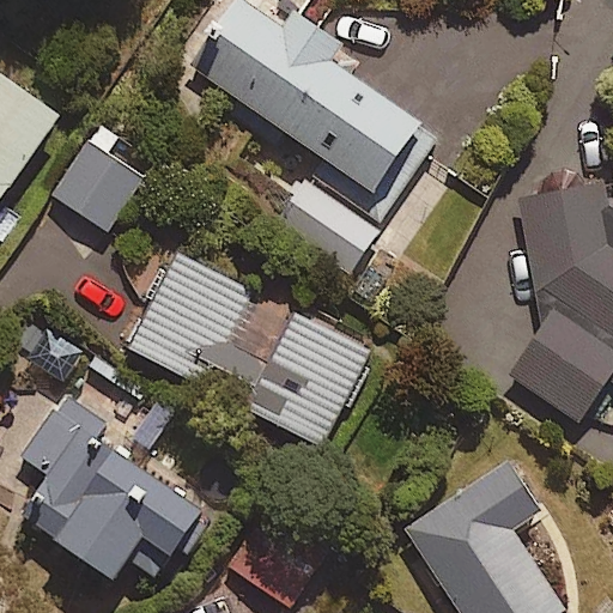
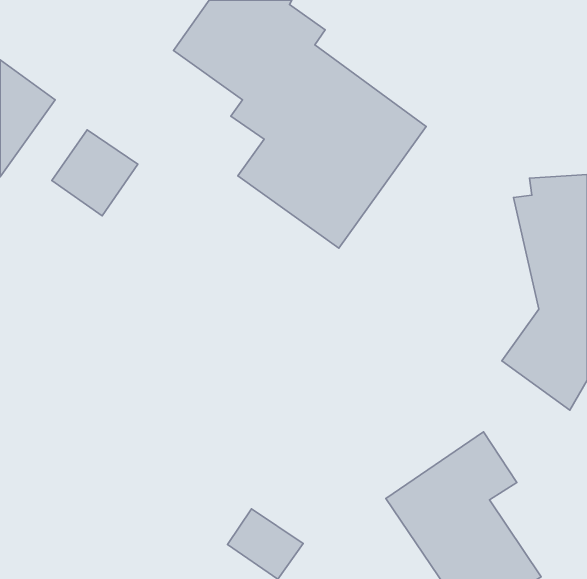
building: [123,245,370,444] -> none
building: [18,407,200,576] -> none

